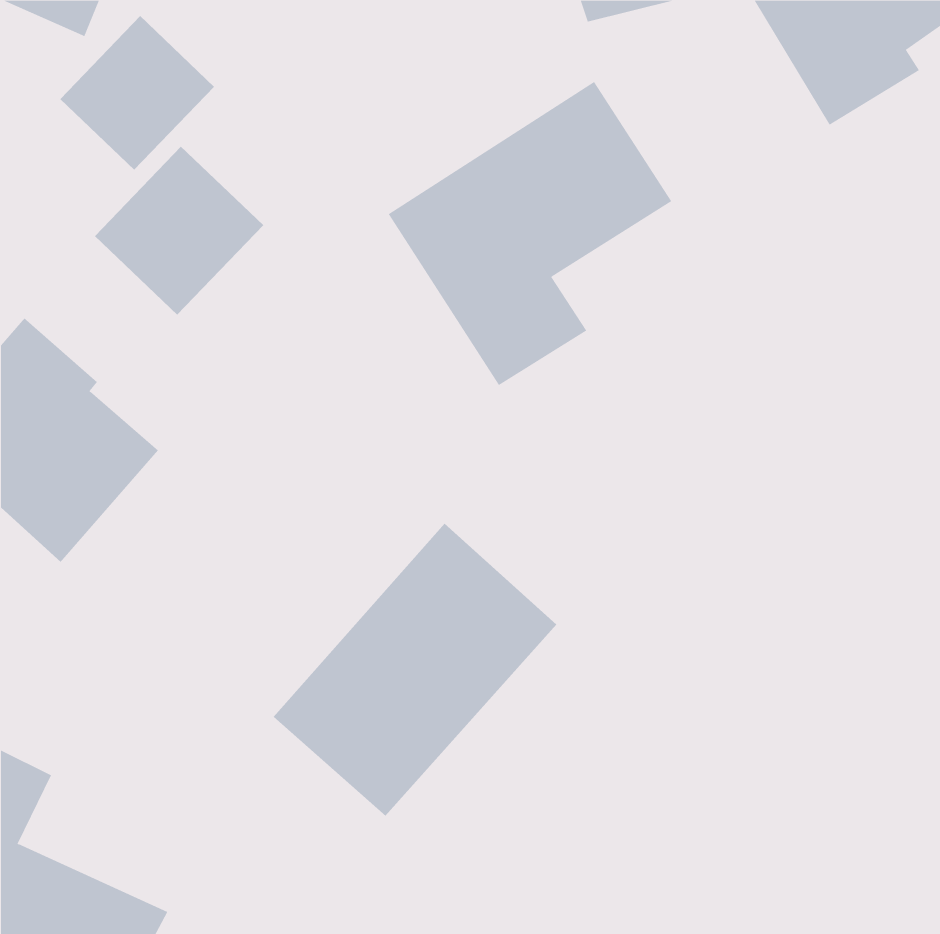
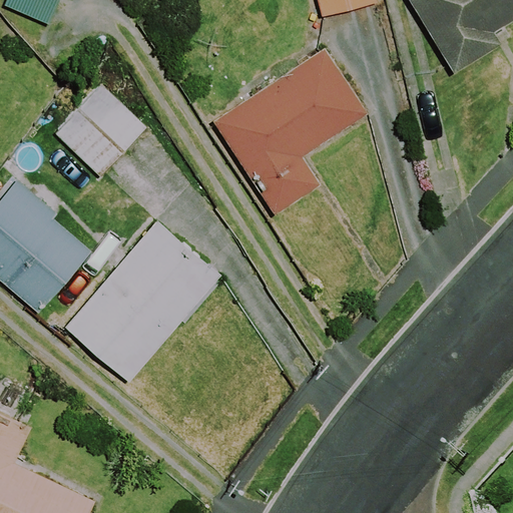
building: [59,15,215,171] -> none
building: [273,523,557,816] -> [65,221,219,381]

